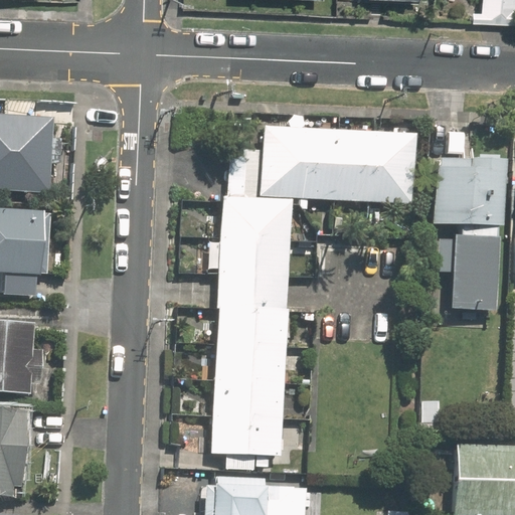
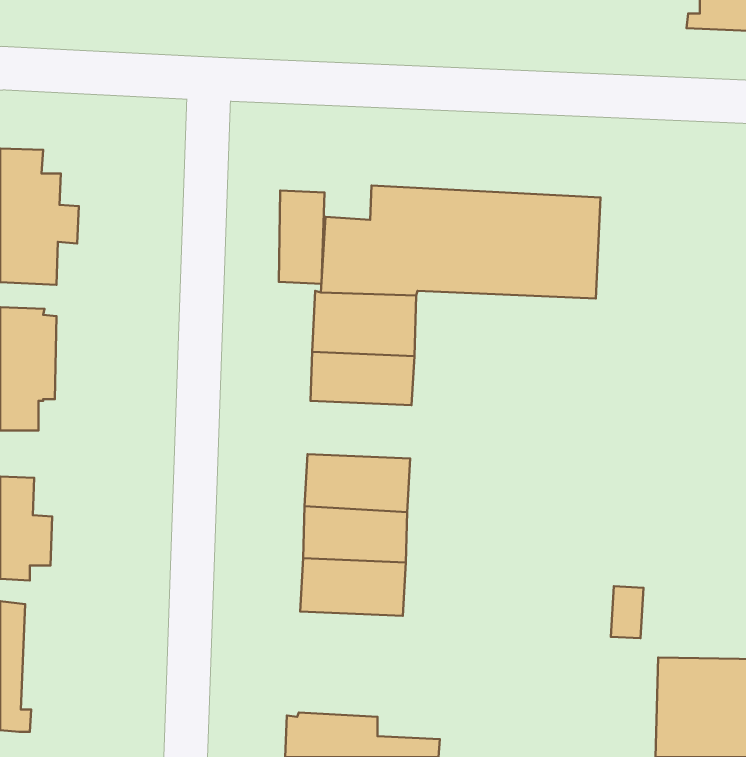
building: none -> [279,190,324,284]
building: [434,158,503,310] -> none
building: [217,272,288,311] -> none
building: [211,414,282,465] -> none

